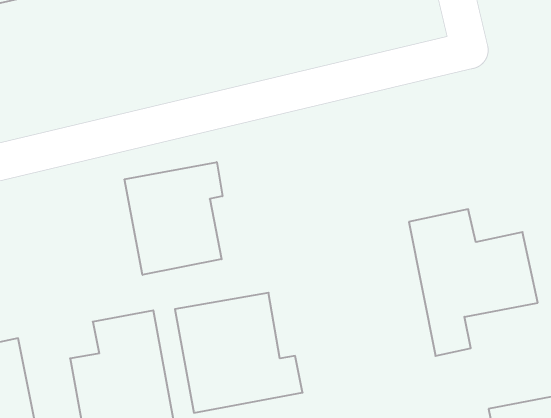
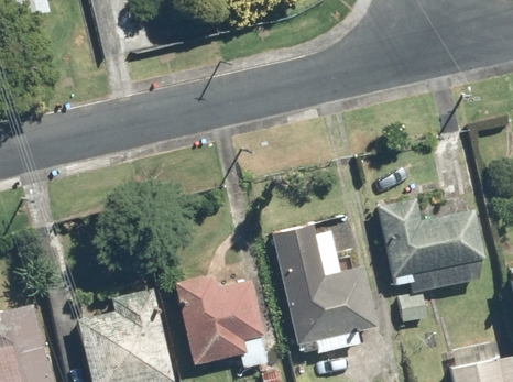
building: [125,162,222,275] -> none
building: none -> [279,226,375,357]

